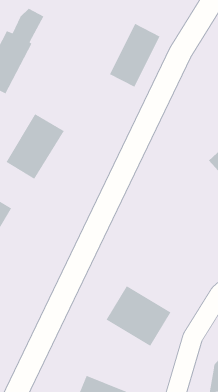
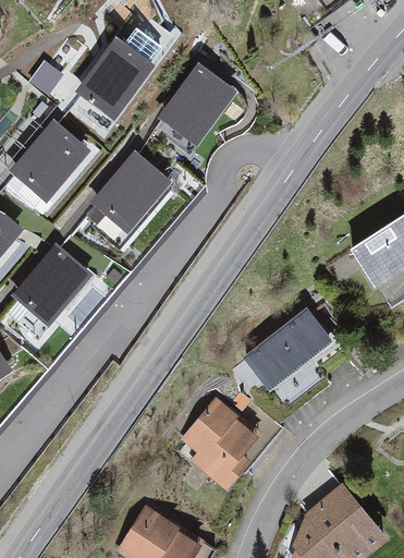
building: [109,23,161,88] -> [154,65,229,149]
building: none -> [245,305,334,390]

